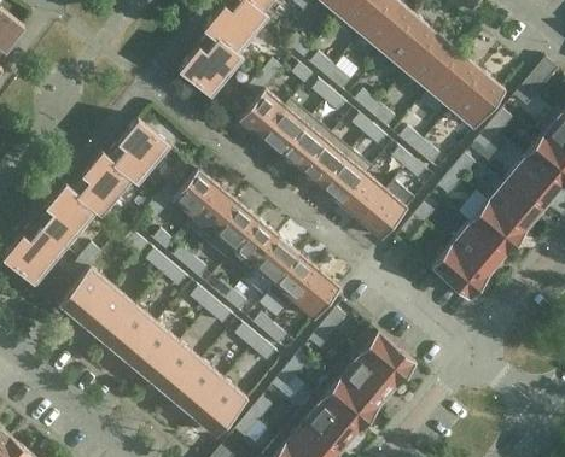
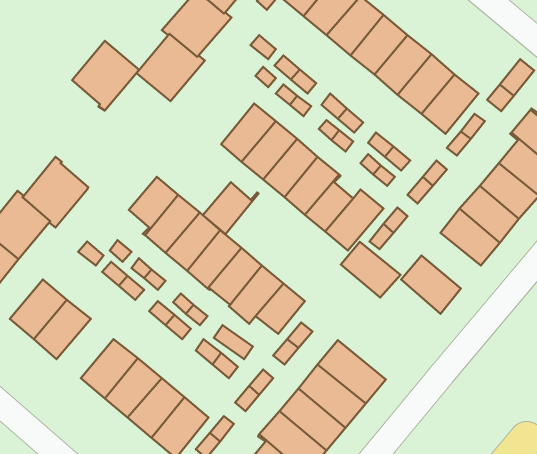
building: [238,88,291,137] -> [203,182,259,234]
building: [106,118,170,184] -> [72,41,139,110]
building: [450,222,507,275] -> [341,242,400,297]
building: [103,304,157,361] -> none

